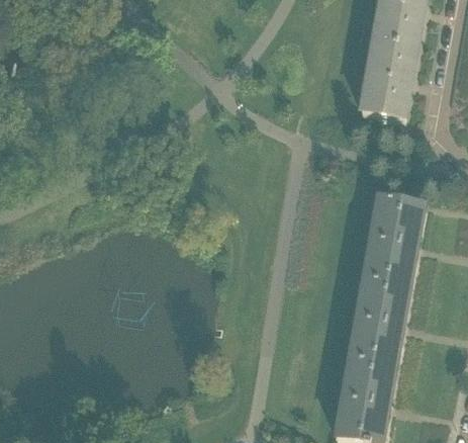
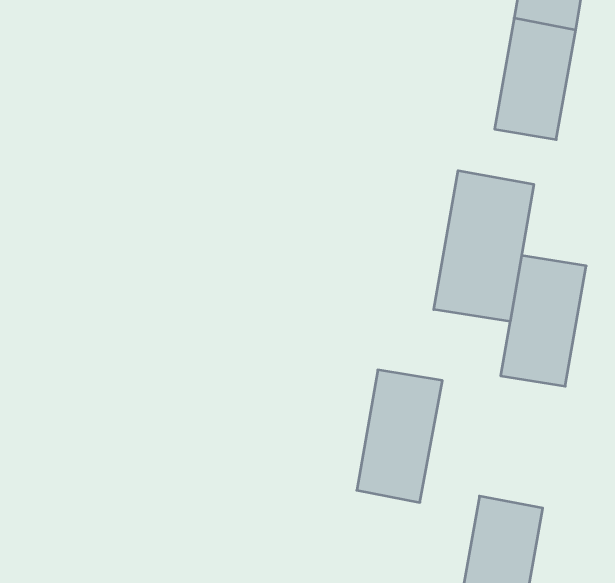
building: none -> [434,171,534,321]
building: [349,272,406,361] -> [357,370,442,502]

